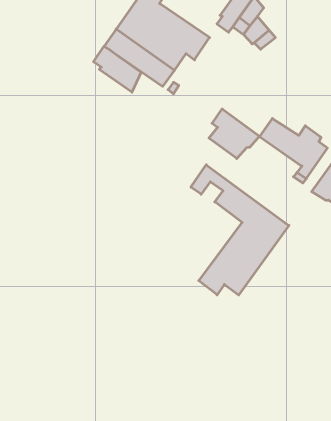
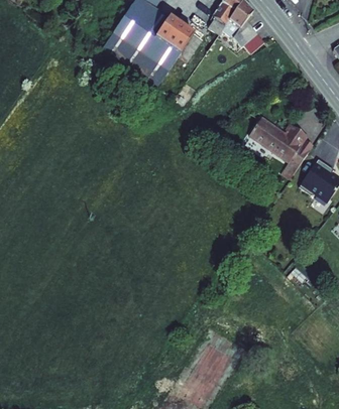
building: [94,46,141,92] -> none
building: [209,109,260,159] -> none
building: [191,165,289,295] -> none

